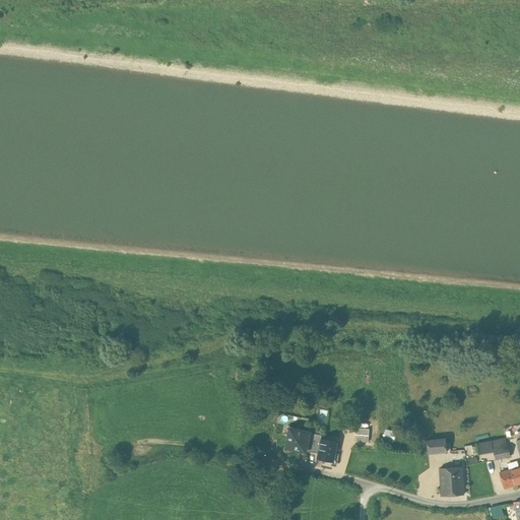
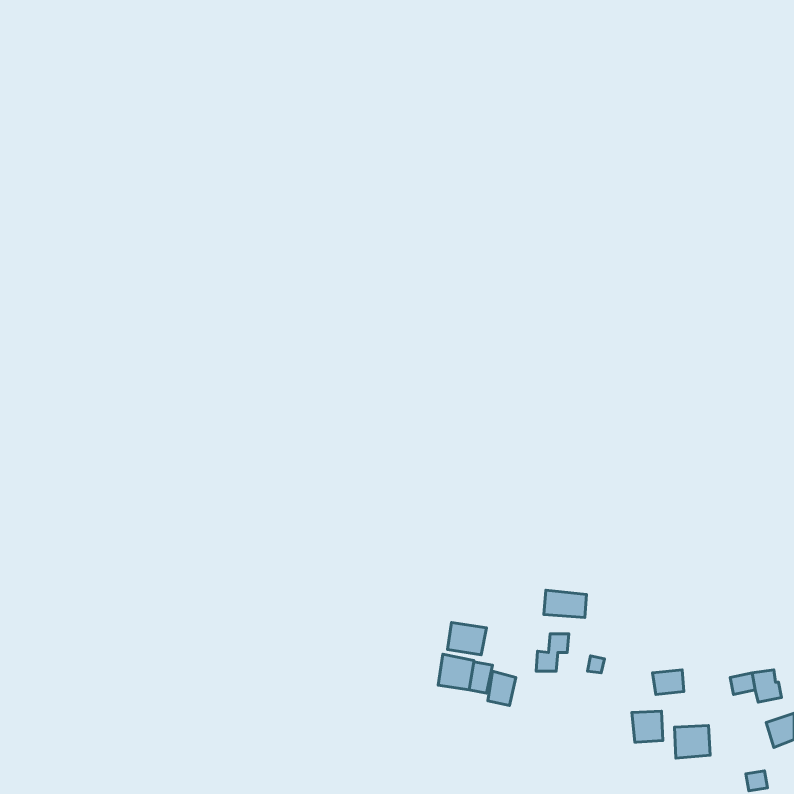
building: none -> [544,590,587,618]
building: none -> [448,623,487,655]
building: none -> [632,711,663,742]

